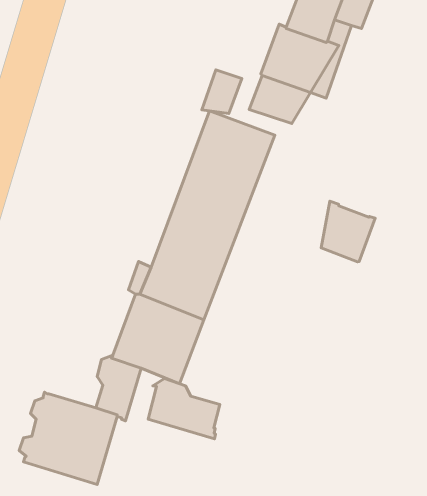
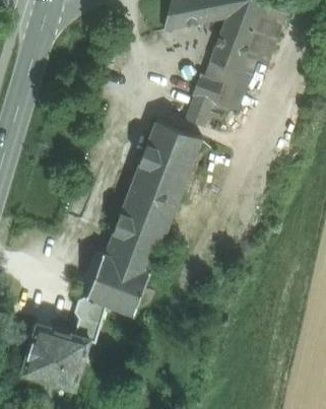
building: [202,70,242,113] -> none
building: [321,201,375,262] -> none
building: [148,379,220,439] -> none

